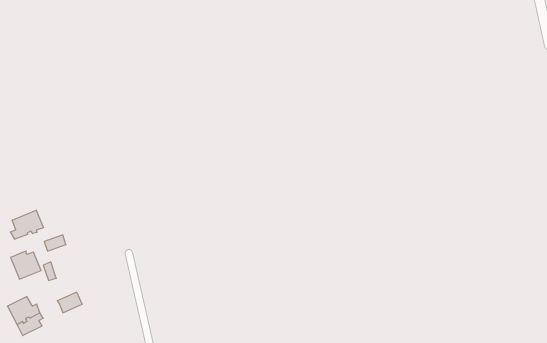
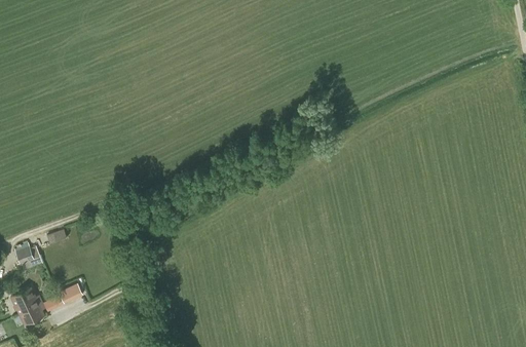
building: [10,210,43,239] -> none

